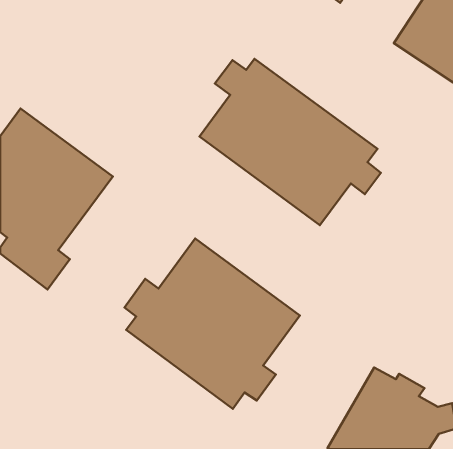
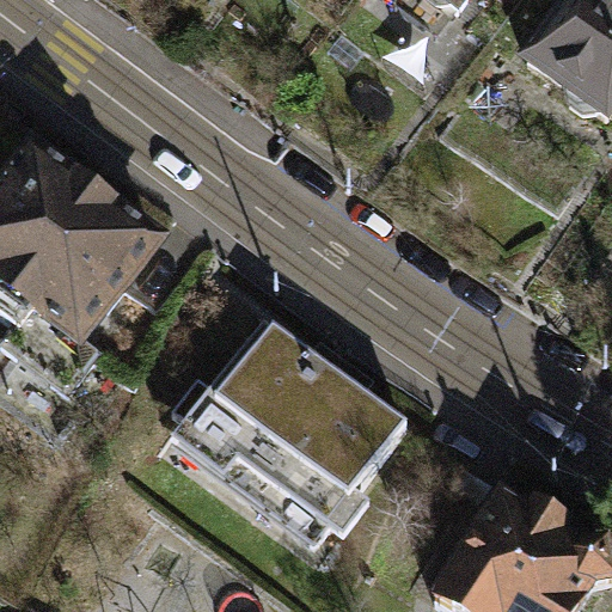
building: [199,59,381,225] -> none

